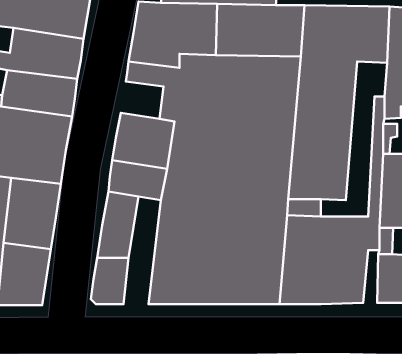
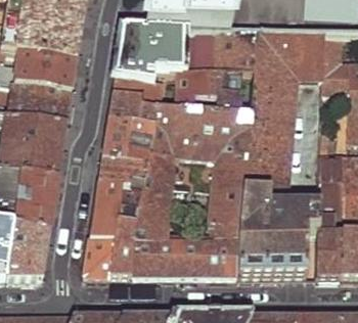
building: none -> [107,94,142,125]
building: none -> [109,188,140,276]

